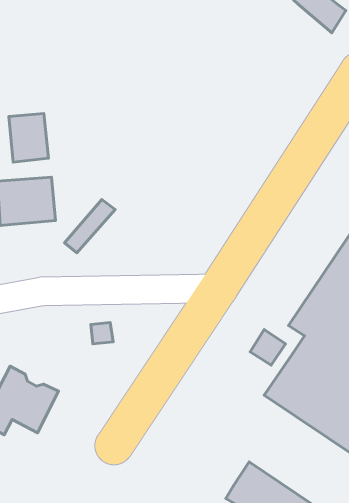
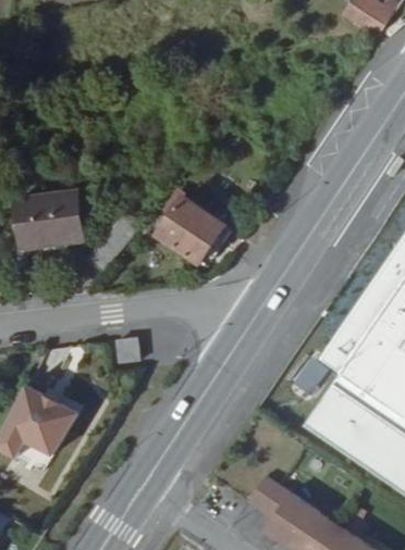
building: [9,113,49,162] -> none
building: none -> [164,197,240,263]
building: none -> [247,483,290,525]

